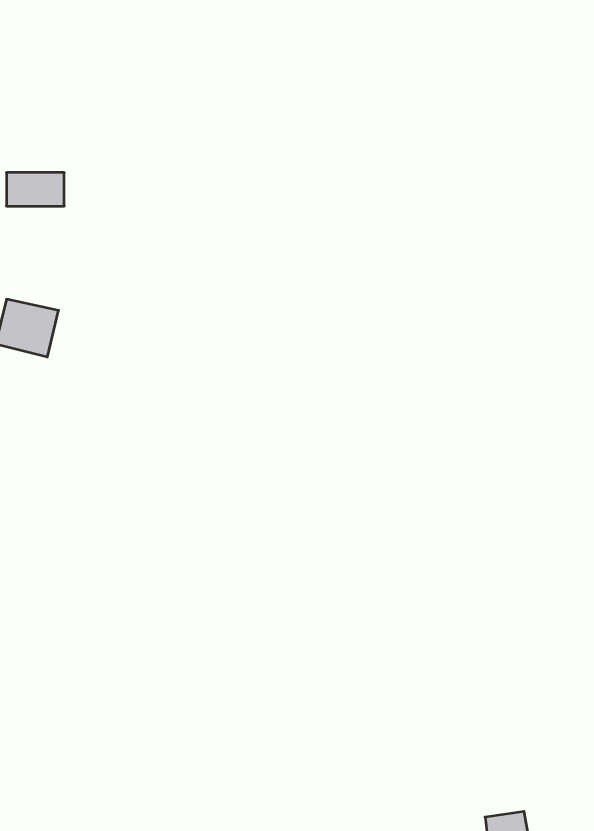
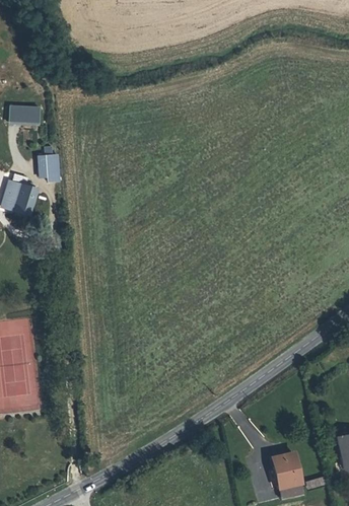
building: none -> [39,154,62,183]

